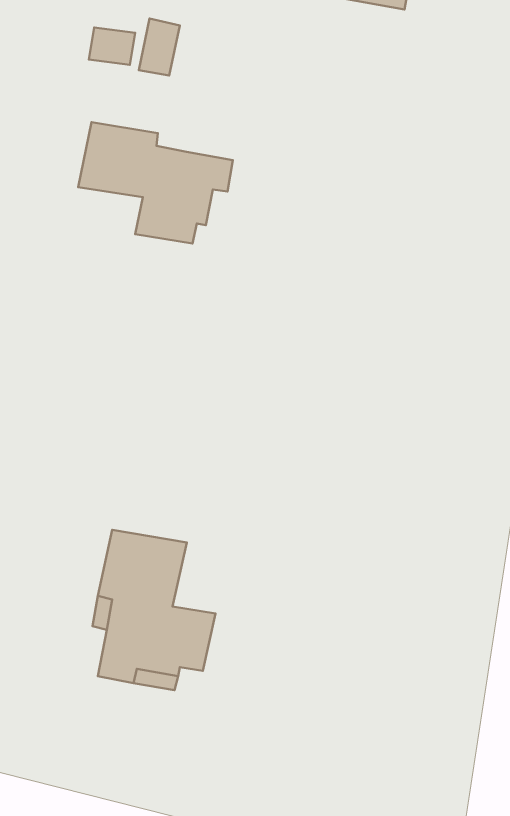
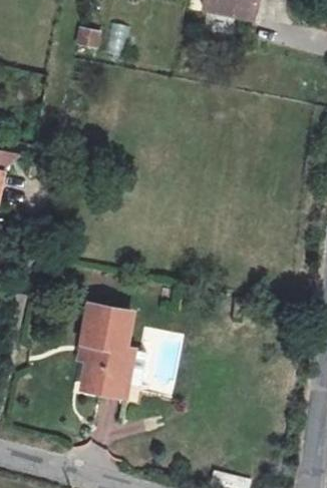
building: [78,122,233,244] -> none

